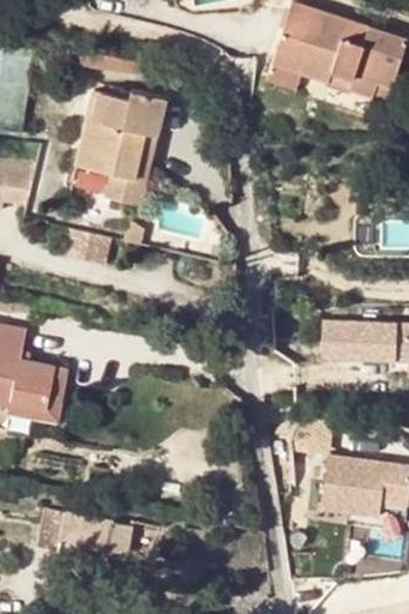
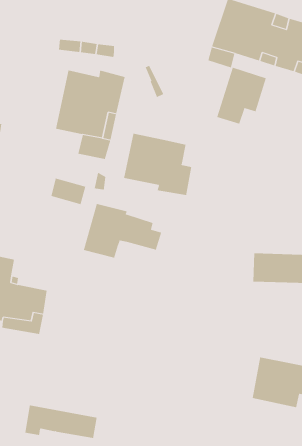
building: none -> [216,67,266,125]
building: none -> [124,133,192,196]
building: none -> [83,203,162,259]

